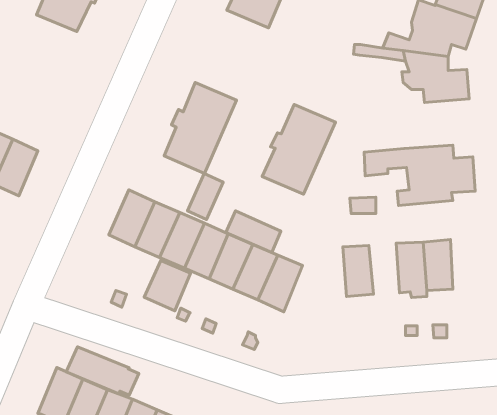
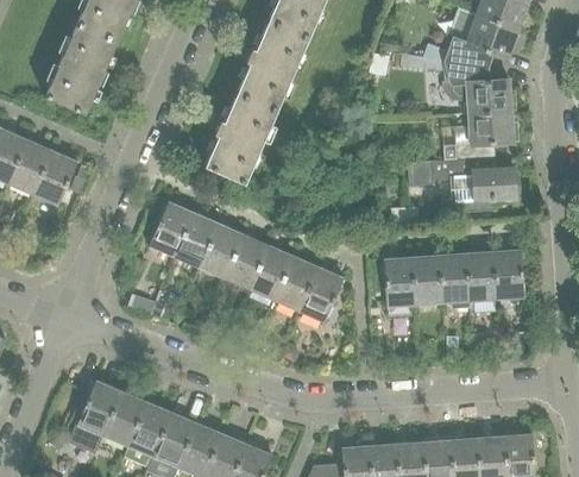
building: none -> [45,25,117,115]
building: none -> [445,109,514,159]
building: [262,104,335,194] -> [235,20,309,111]
building: [188,173,223,220] -> none
building: [226,211,281,252] -> none
building: none -> [492,249,524,301]
building: none -> [410,255,441,306]
building: [144,260,191,311] -> none
building: [66,347,139,395] -> none

